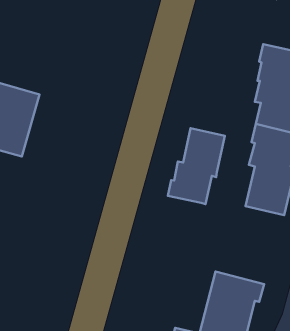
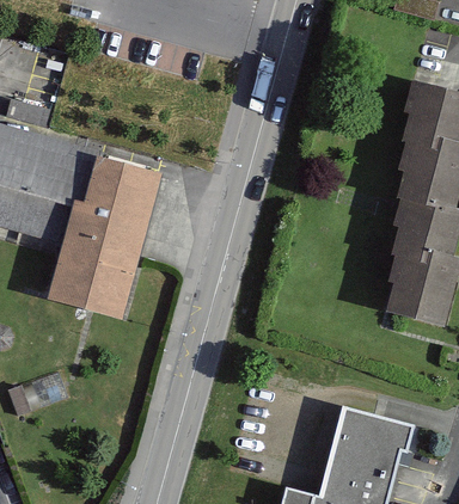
building: none -> [50,154,159,318]
building: [168,128,225,204] -> none

